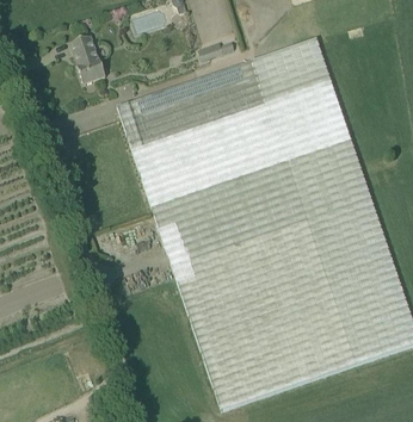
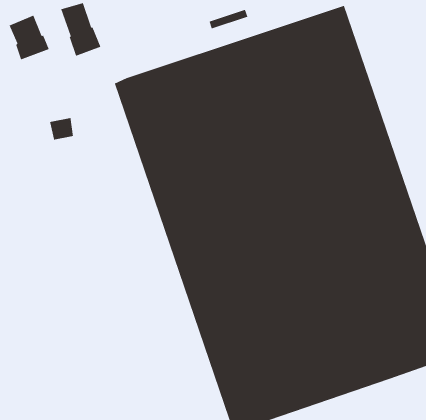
building: none -> [9,14,50,61]

